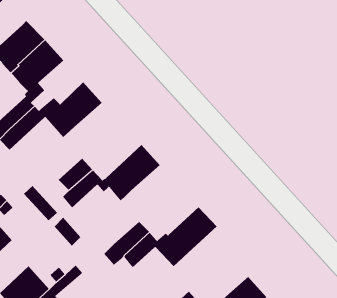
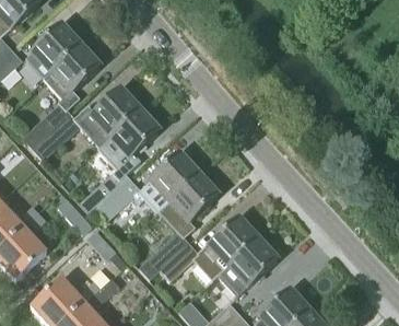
building: none -> [110,108,159,163]
building: none -> [162,173,218,232]
building: none -> [218,236,277,294]

